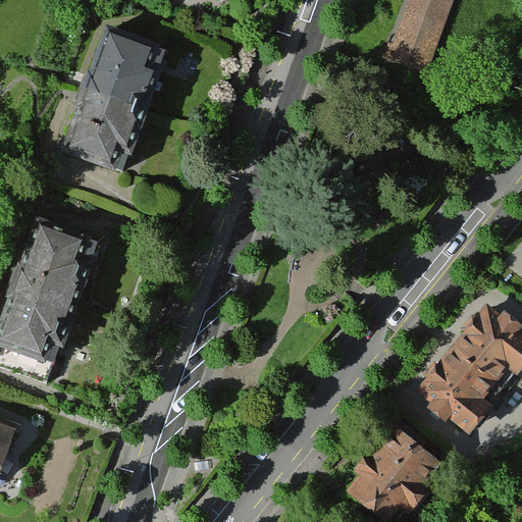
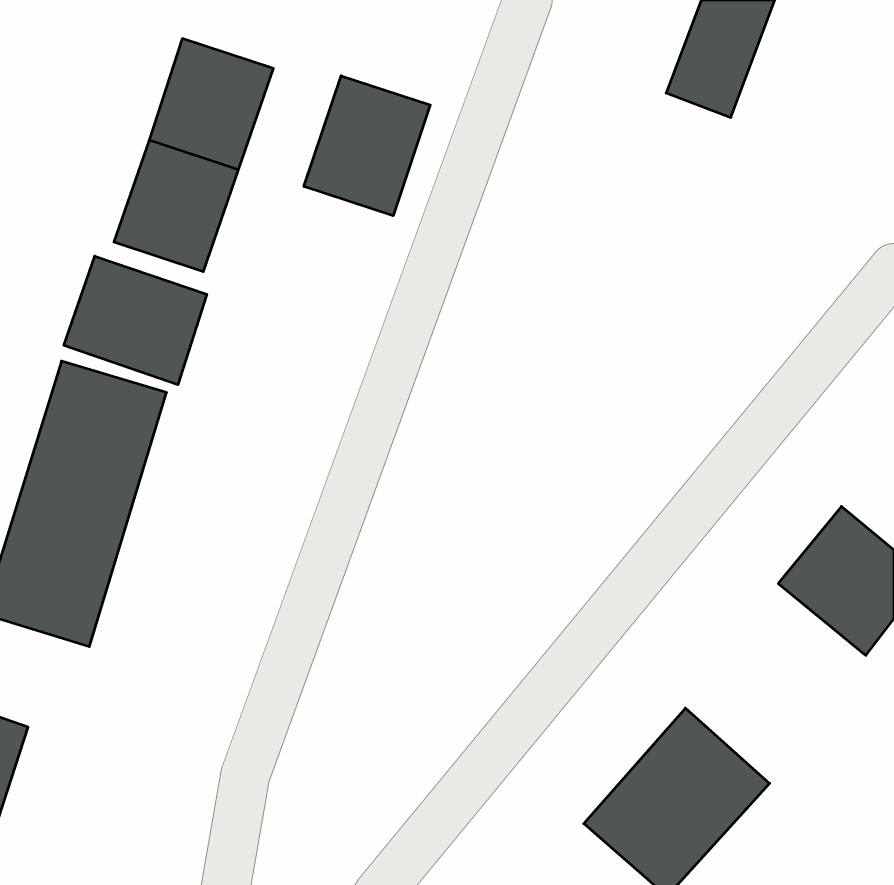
building: none -> [304,76,430,216]
building: none -> [64,256,207,385]
building: [415,346,504,432] -> none

